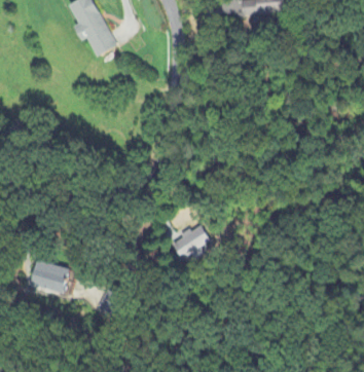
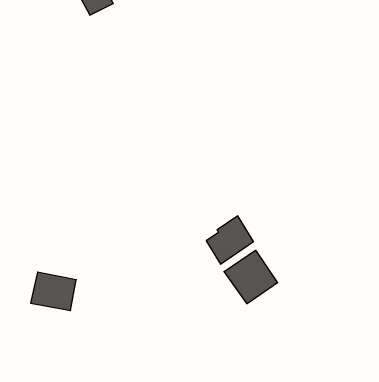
building: none -> [224,250,277,304]

